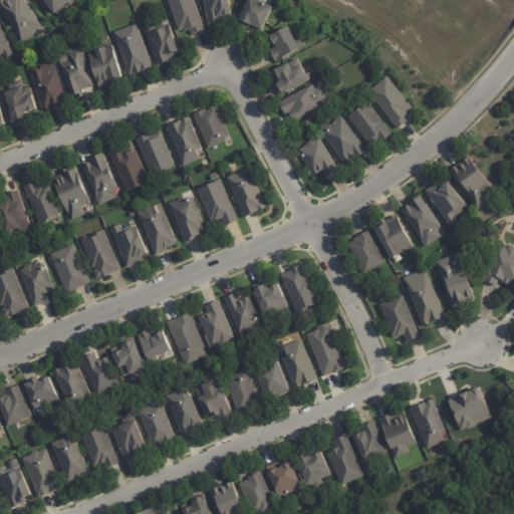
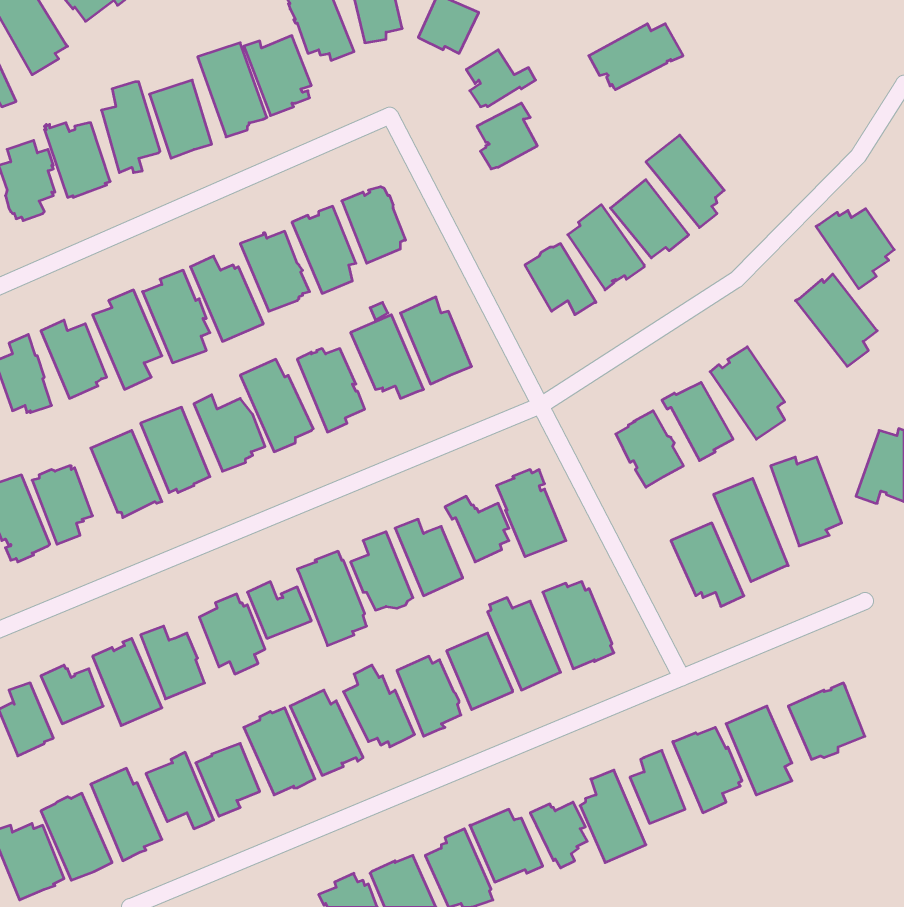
building: [274,85,327,122] -> [589,24,683,90]
building: [424,181,468,226] -> [816,209,894,289]

